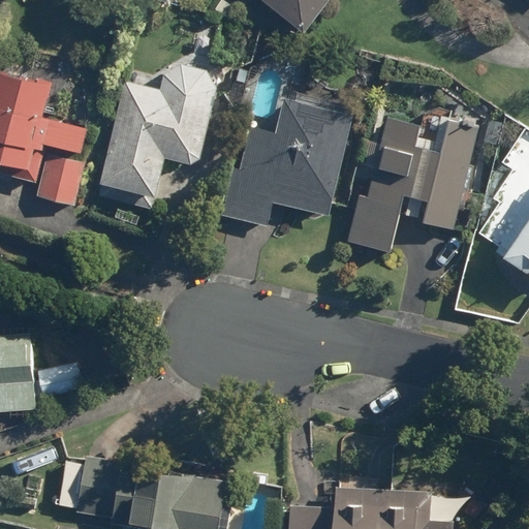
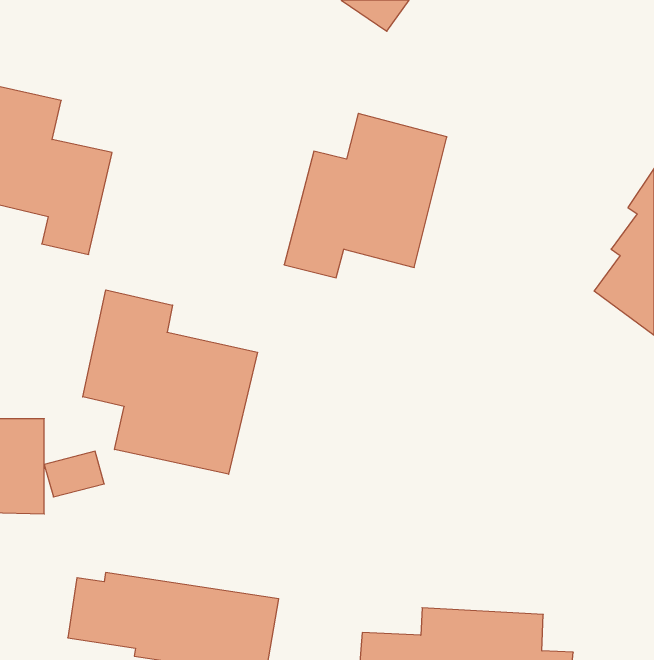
building: [95,63,219,214] -> none
building: [342,112,481,253] -> none
building: none -> [83,290,257,474]

